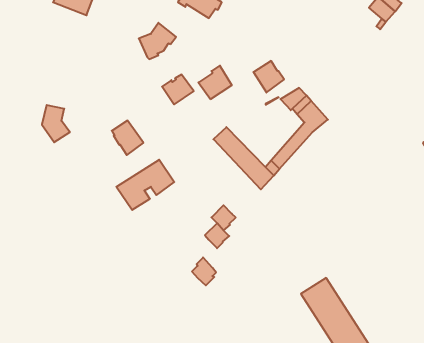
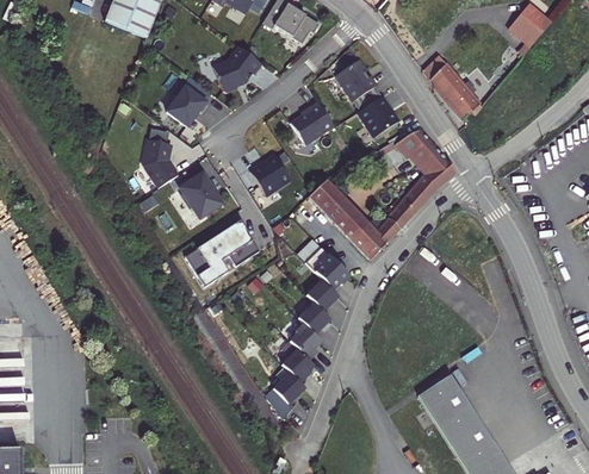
building: none -> [422,55,482,118]
building: none -> [335,60,376,100]
building: none -> [167,83,206,126]
building: [162,75,194,104] -> [249,156,290,194]
building: [42,105,70,142] -> [143,139,179,187]
building: none -> [305,247,348,291]
building: none -> [290,324,321,360]
building: none -> [265,373,304,418]

